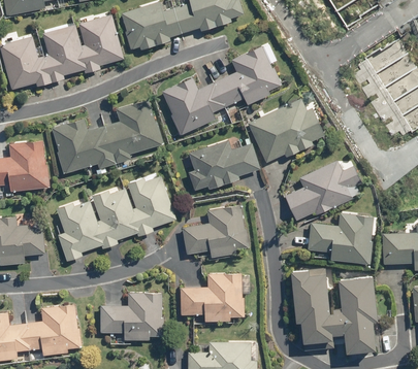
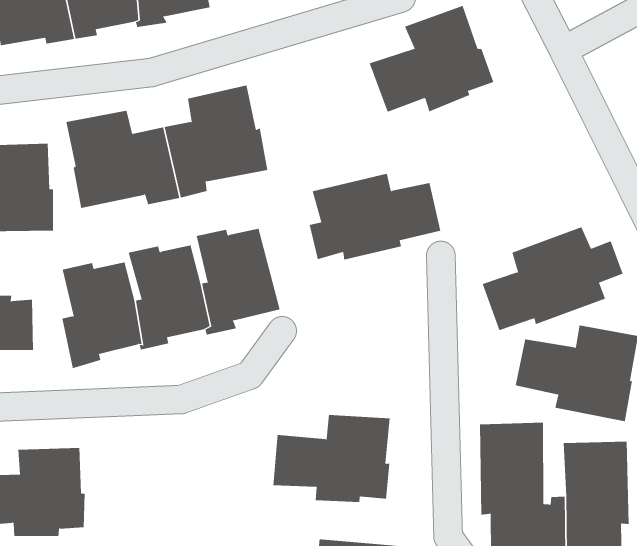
building: [161,77,225,135] -> none
building: [248,98,324,163] -> none
building: [182,205,250,258] -> none
building: [100,293,163,340] -> none

